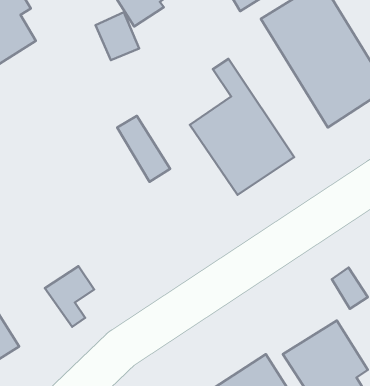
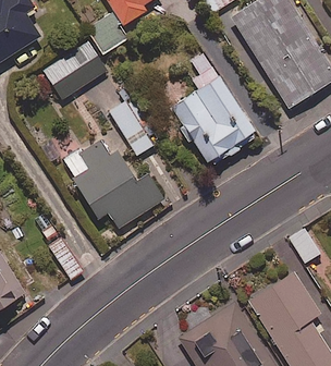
building: none -> [44,41,106,98]
building: none -> [63,139,169,243]

